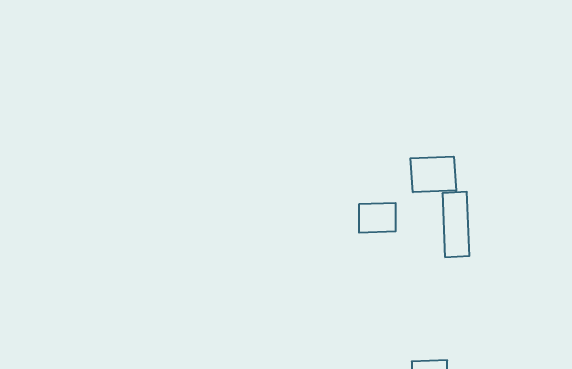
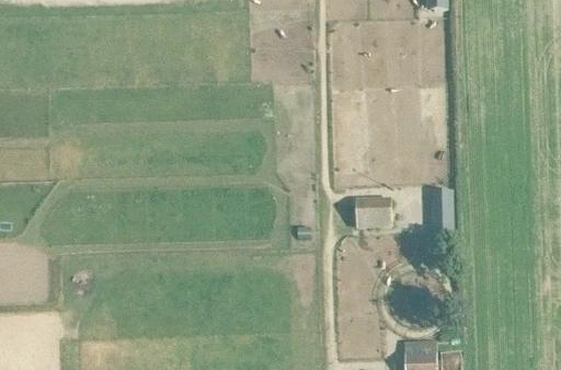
building: [410,157,456,192] -> none

